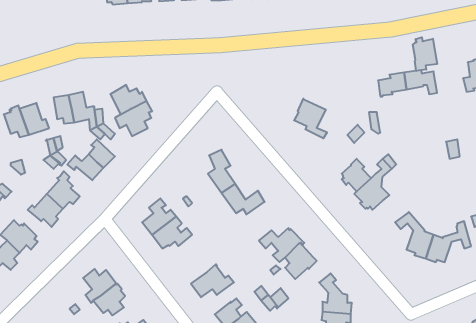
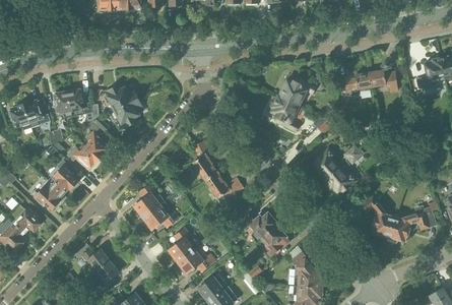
building: [413,37,437,71] -> none
building: none -> [279,77,316,105]
building: none -> [169,228,200,260]

